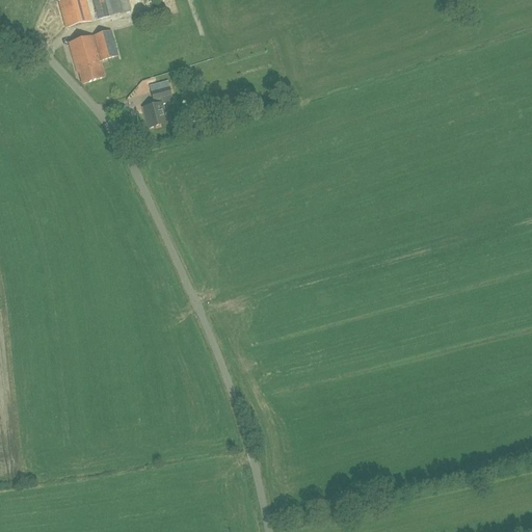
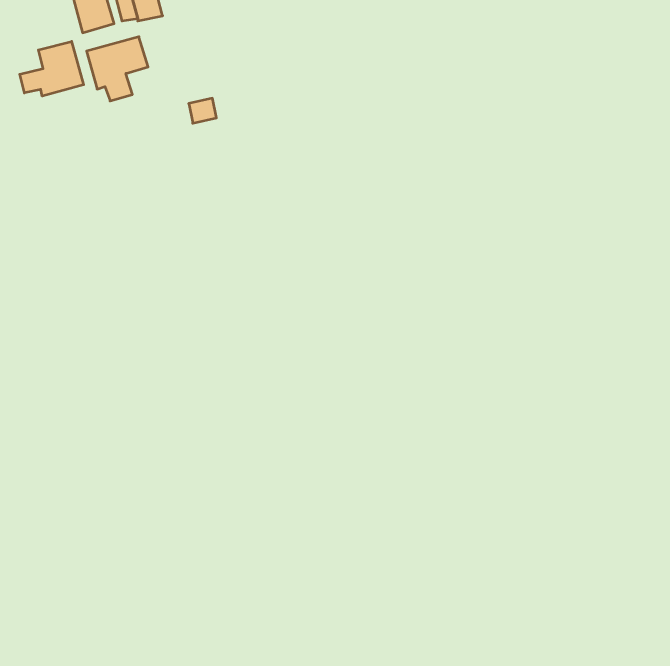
building: none -> [20,41,84,96]
building: [142,100,167,126] -> none

